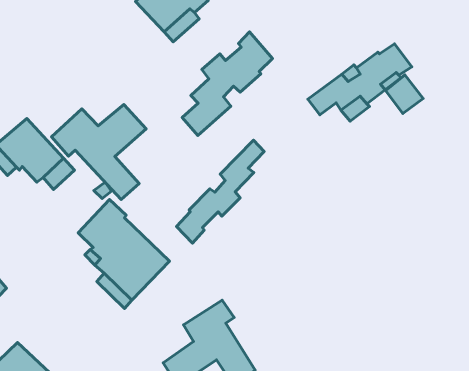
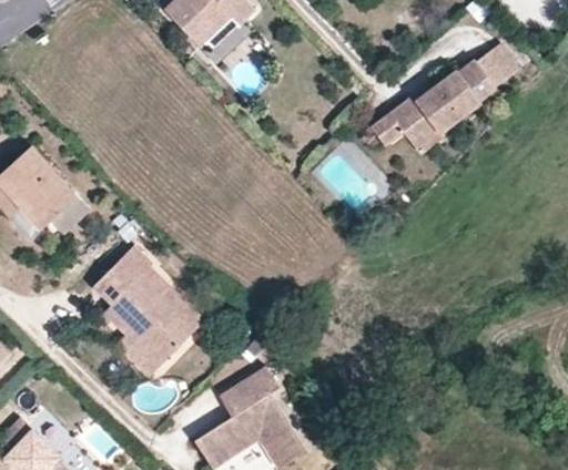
building: [182,32,273,136] -> none
building: [385,75,423,113] -> [475,40,520,86]
building: [51,105,146,199] -> none
building: [176,140,264,243] -> none

